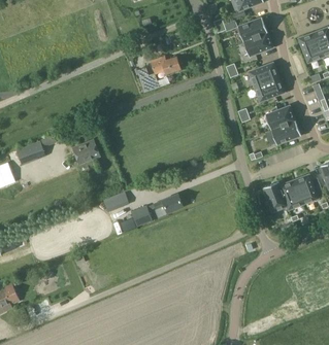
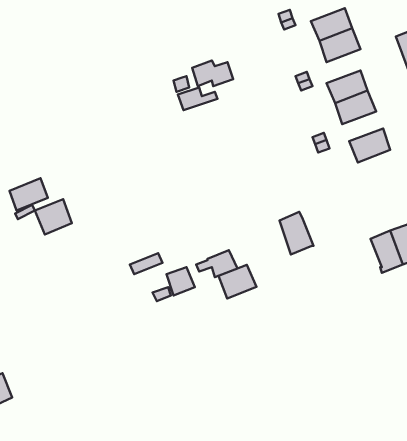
building: [270,120,300,144] -> none
building: [72,139,99,165] -> [35,199,72,235]
building: [263,181,288,212] -> [279,212,313,254]
building: none -> [218,265,256,299]

